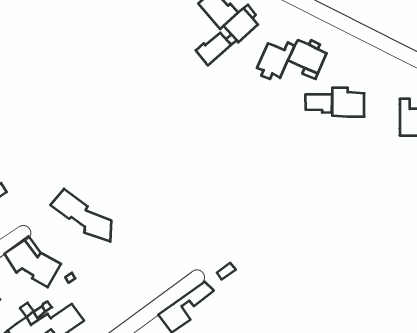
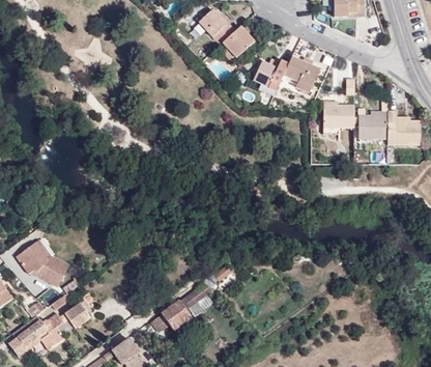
building: [196,33,231,65] -> none
building: [306,94,332,113] -> none
building: none -> [358,115,386,139]
building: [50,189,111,242] -> none

